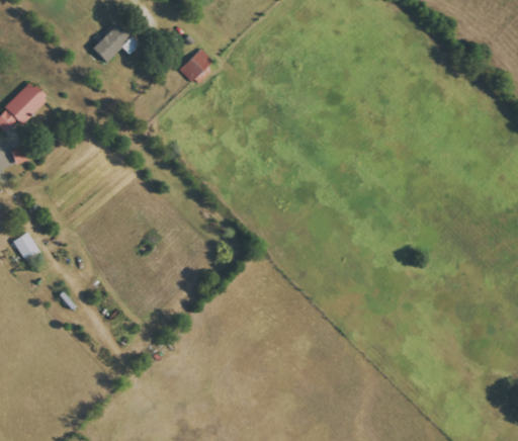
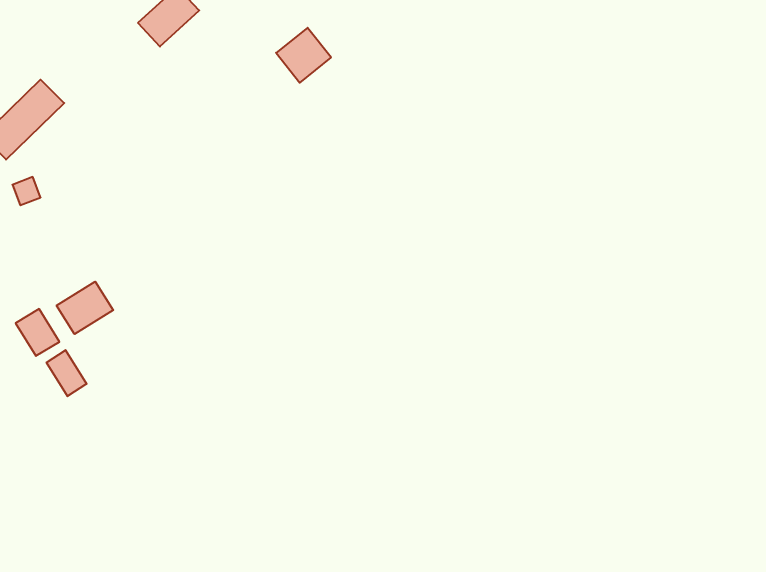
building: none -> [57,282,113,334]
building: none -> [47,350,87,396]

